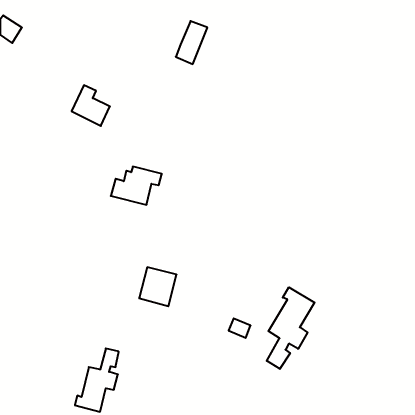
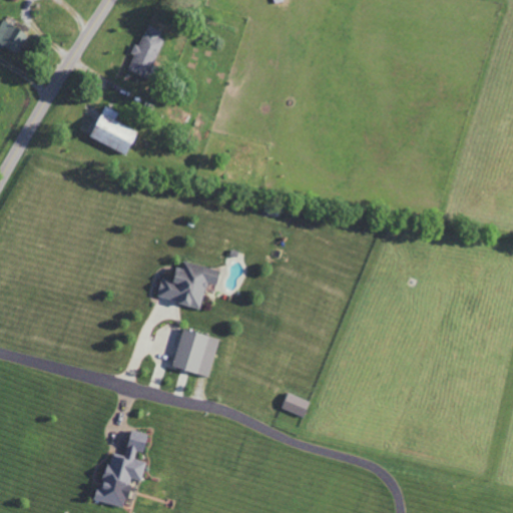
building: [176,21,207,64] -> [127,26,166,79]
building: [111,167,162,205] -> [156,262,219,309]
building: [267,287,315,369] -> none

